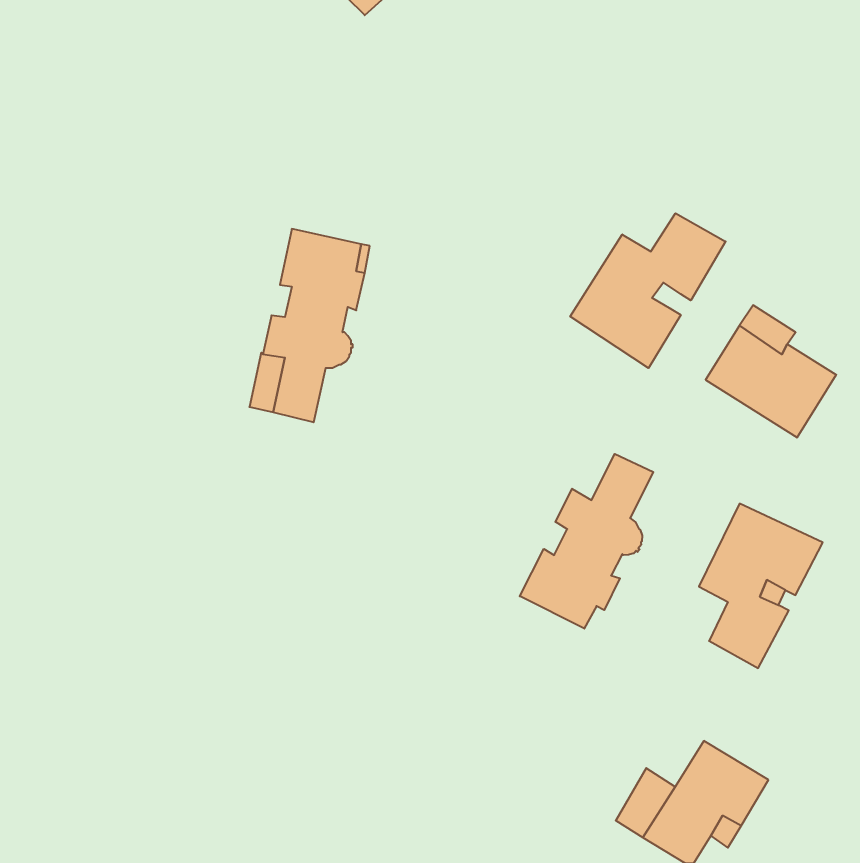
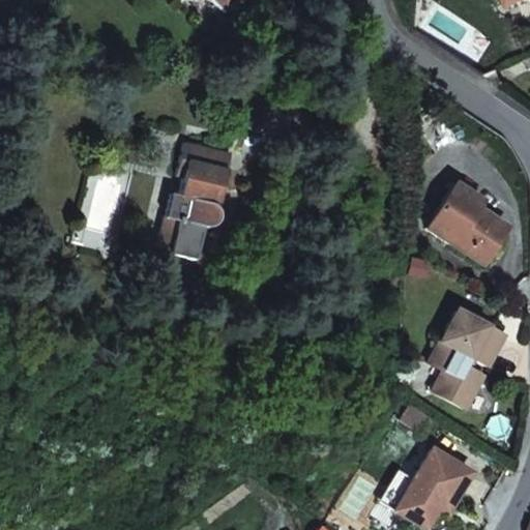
building: [570,213,726,368] -> none
building: [520,454,653,629] -> none

